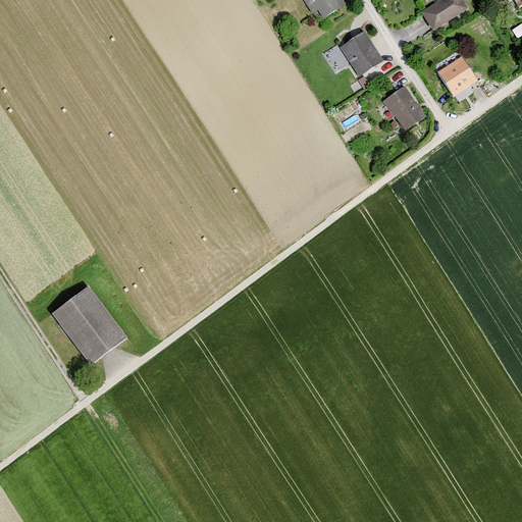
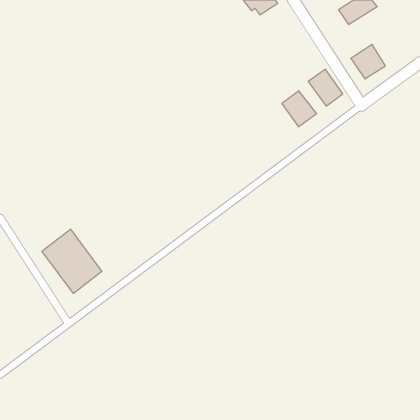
building: [338,32,383,76] -> none
building: none -> [282,91,316,127]

